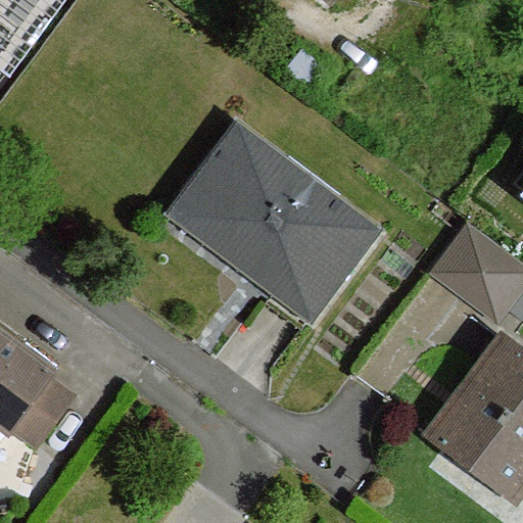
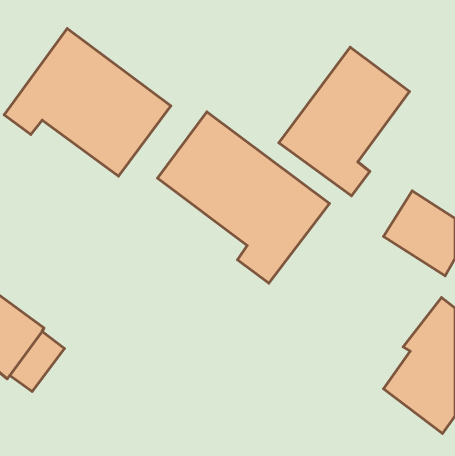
building: none -> [4,29,171,176]
building: none -> [279,47,410,196]

